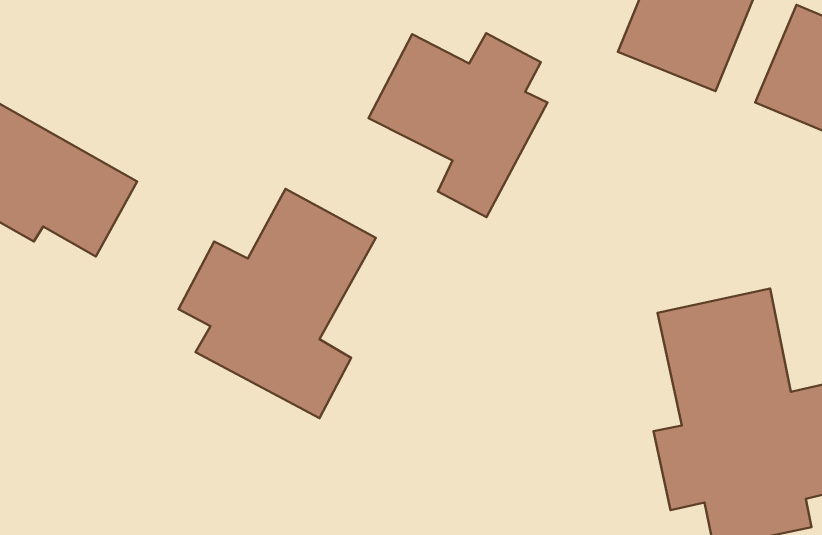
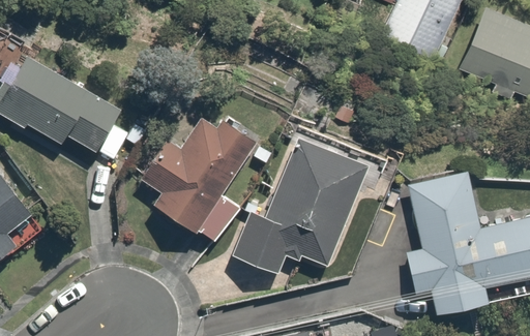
building: [368,33,547,217] -> none
building: none -> [235,141,365,270]

